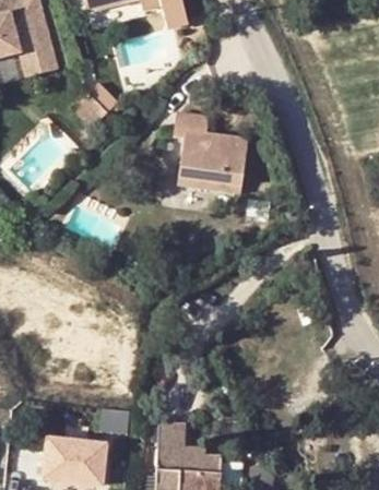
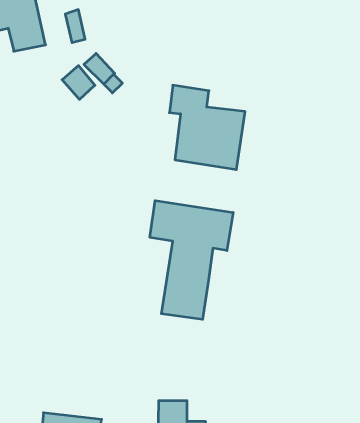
building: none -> [150,201,233,319]

